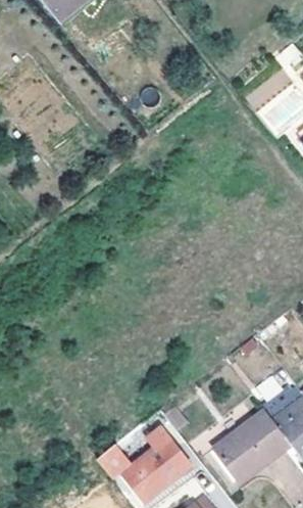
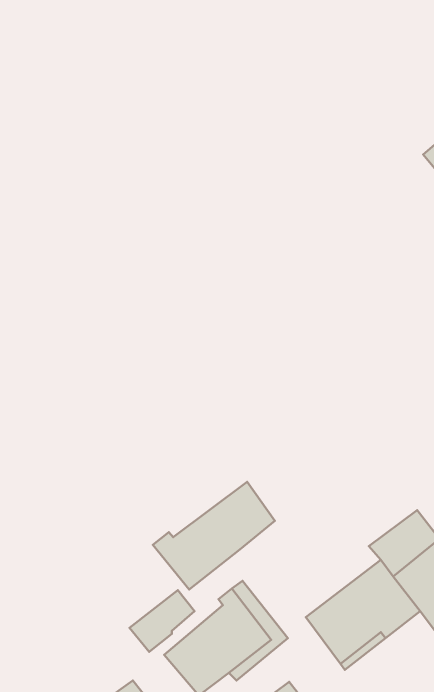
building: none -> [153,482,275,589]

